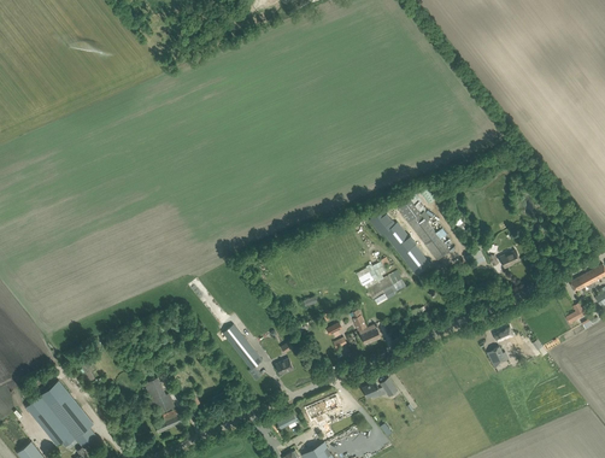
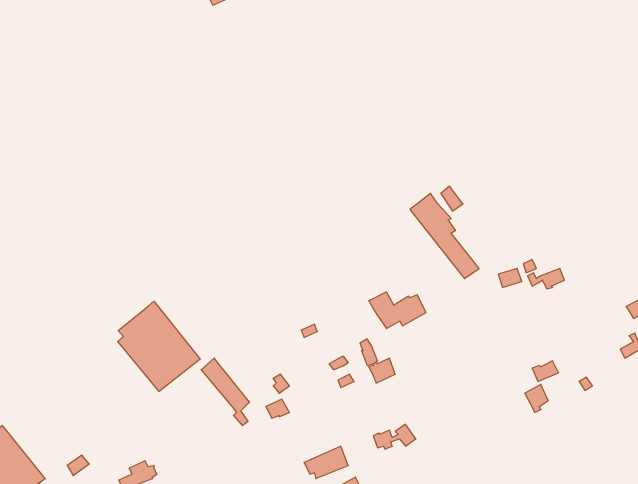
building: [370,207,429,274] -> none
building: none -> [118,301,200,392]
building: [145,377,175,413] -> none

